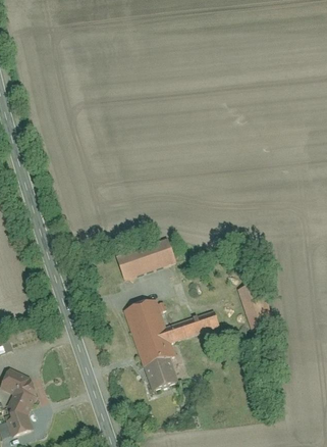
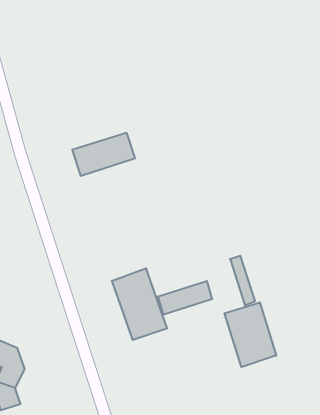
building: [115,238,176,280] -> [72,133,135,176]
building: none -> [224,302,276,367]
building: [145,359,175,391] -> none

